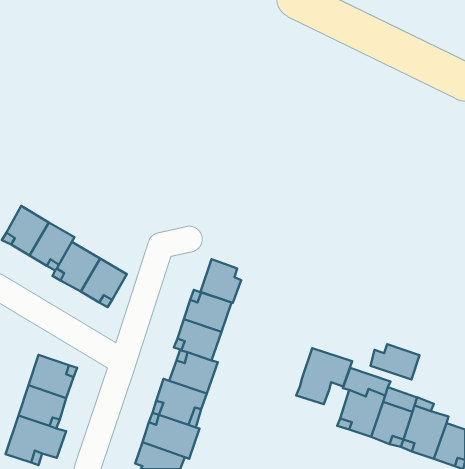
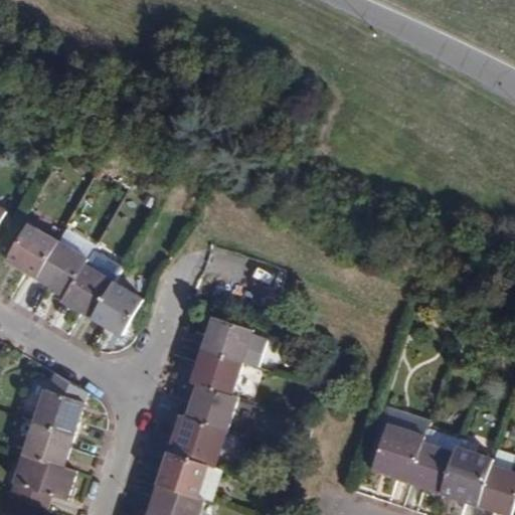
building: [200,259,241,303] -> none
building: [370,344,419,379] -> none
building: [296,348,352,404] -> none

